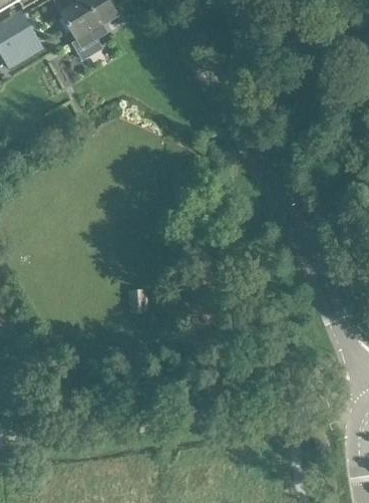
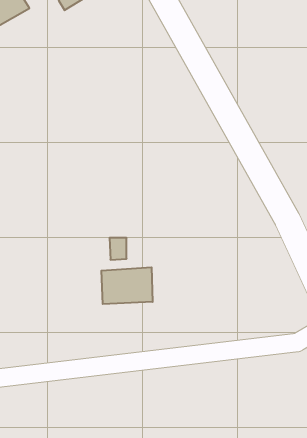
building: none -> [101,267,153,304]

